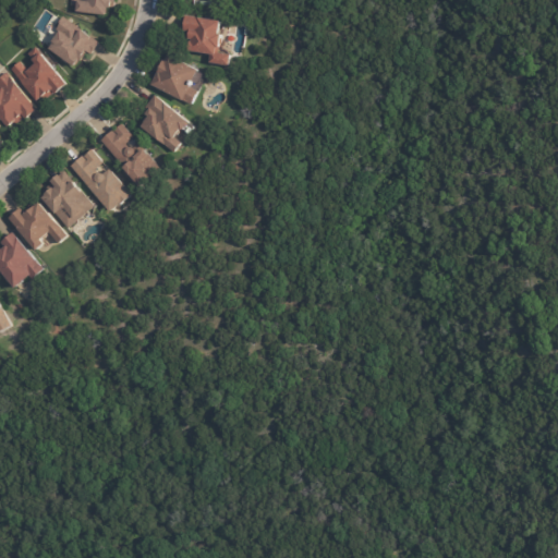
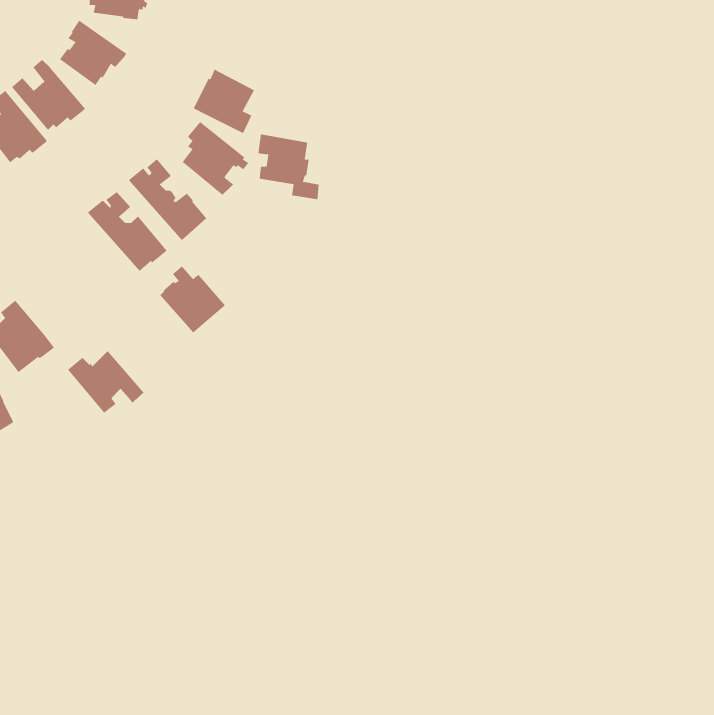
building: [182,14,230,65] -> [257,134,319,200]
building: [40,174,92,227] -> [160,266,226,333]
building: [7,202,66,251] -> [67,350,145,414]

